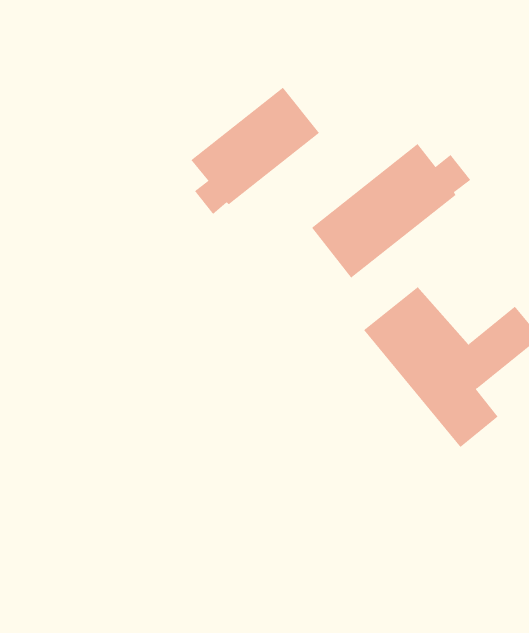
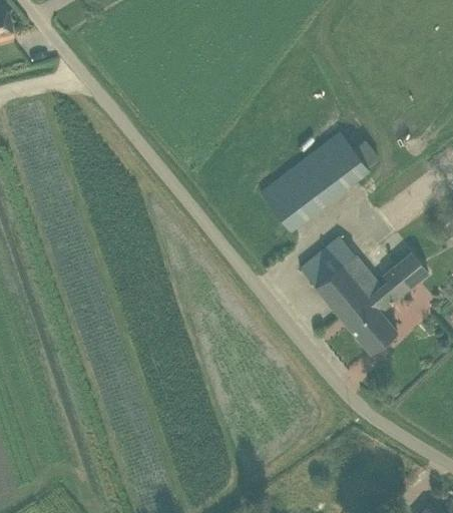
building: [191,87,320,215] -> none

